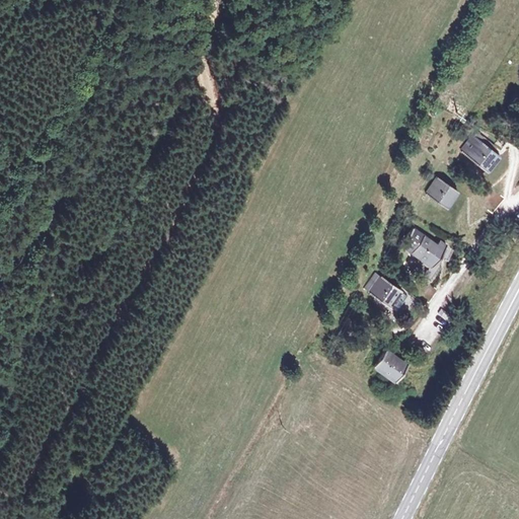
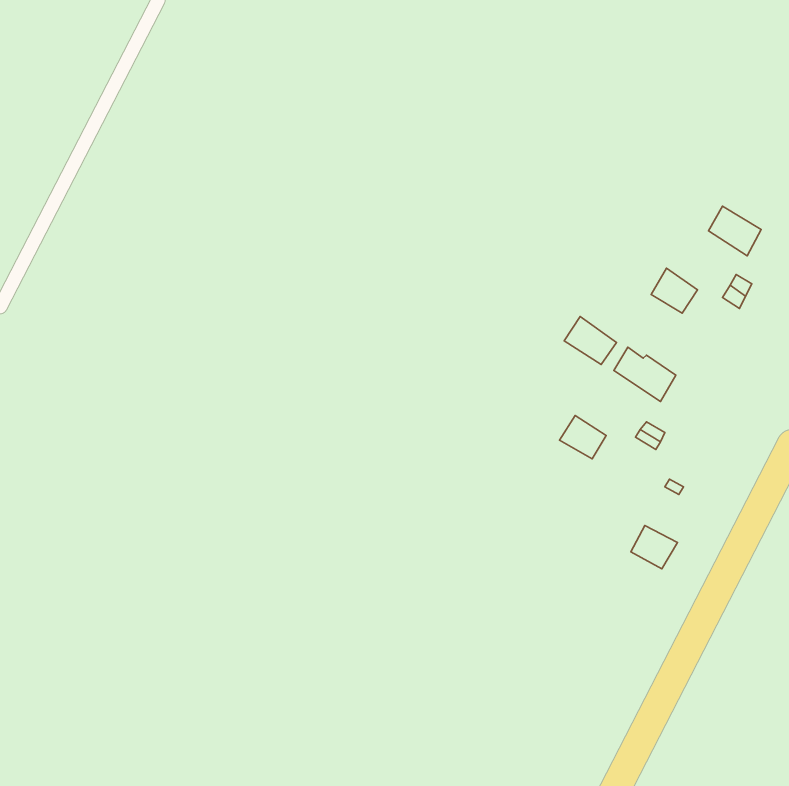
building: none -> [564,316,617,365]
building: [375,352,405,380] -> [631,525,677,569]

